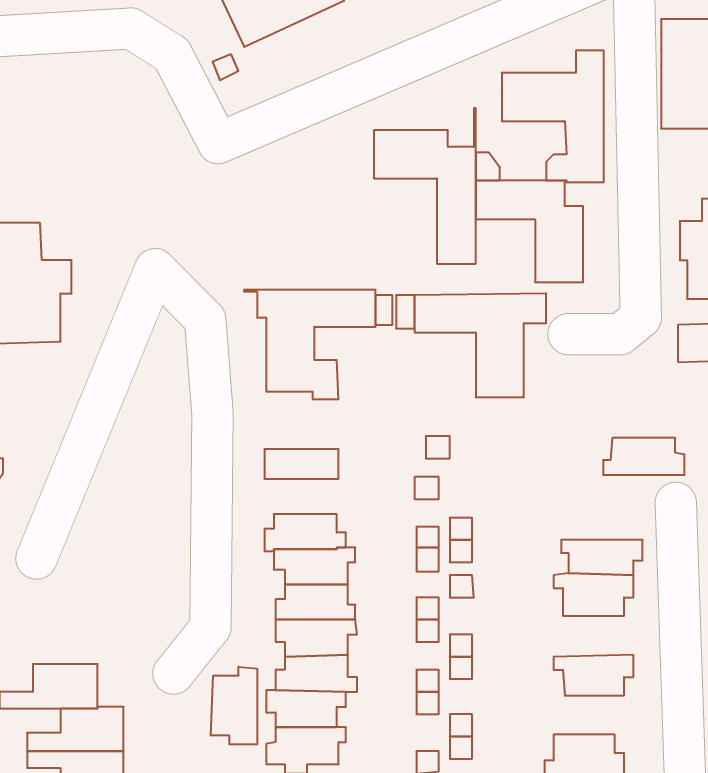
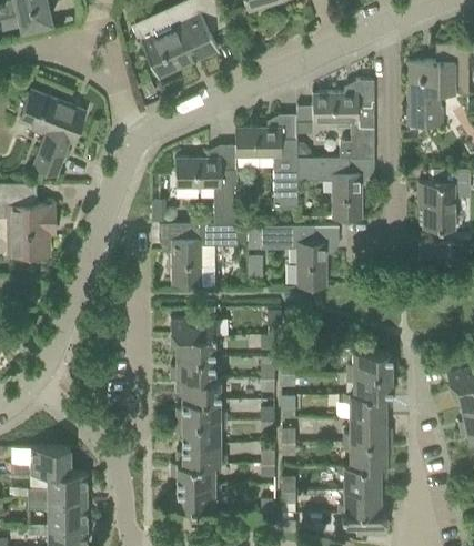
building: none -> [23,92,85,175]
building: none -> [177,158,238,224]
building: [603,438,685,475] -> [349,352,397,374]
building: none -> [171,337,220,358]
building: none -> [344,419,392,444]
building: [211,667,257,744] -> none
building: none -> [339,467,386,491]

